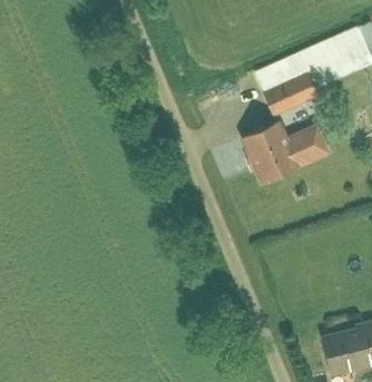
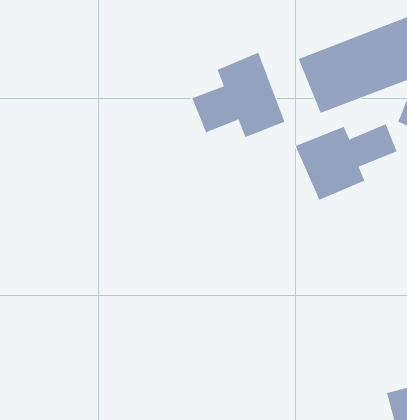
building: none -> [192,52,285,138]

